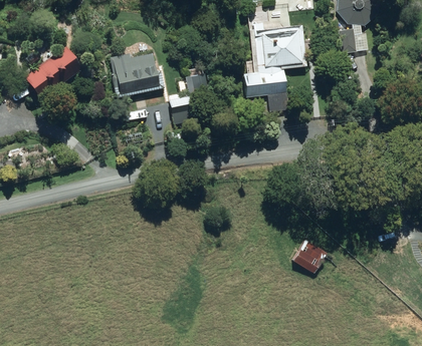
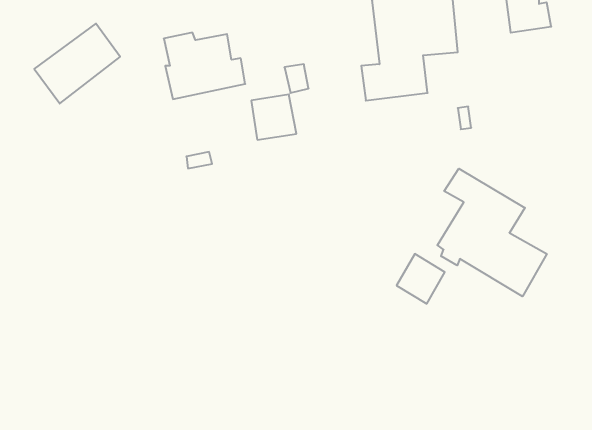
building: none -> [437,169,547,296]
building: [294,241,327,274] -> [397,254,445,304]

